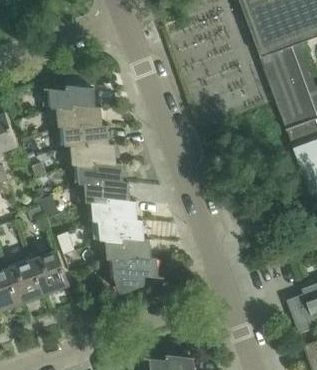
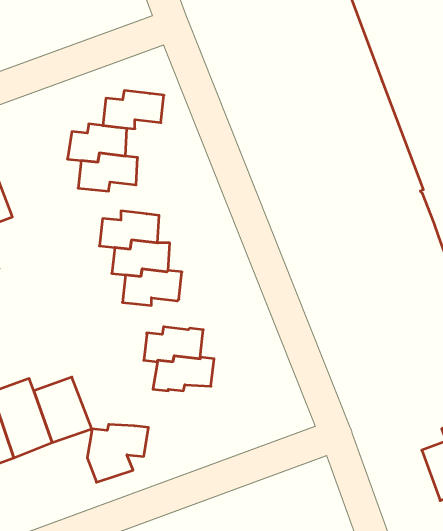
building: [67,123,107,148] -> [103,91,164,129]
building: [96,199,135,223] -> none
building: [116,256,156,294] -> [87,424,148,482]

